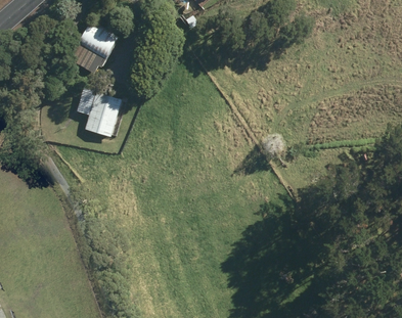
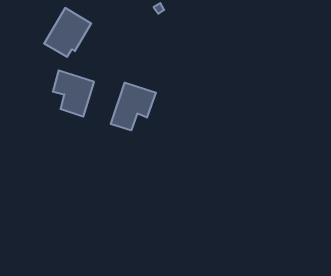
building: none -> [111,83,156,130]

